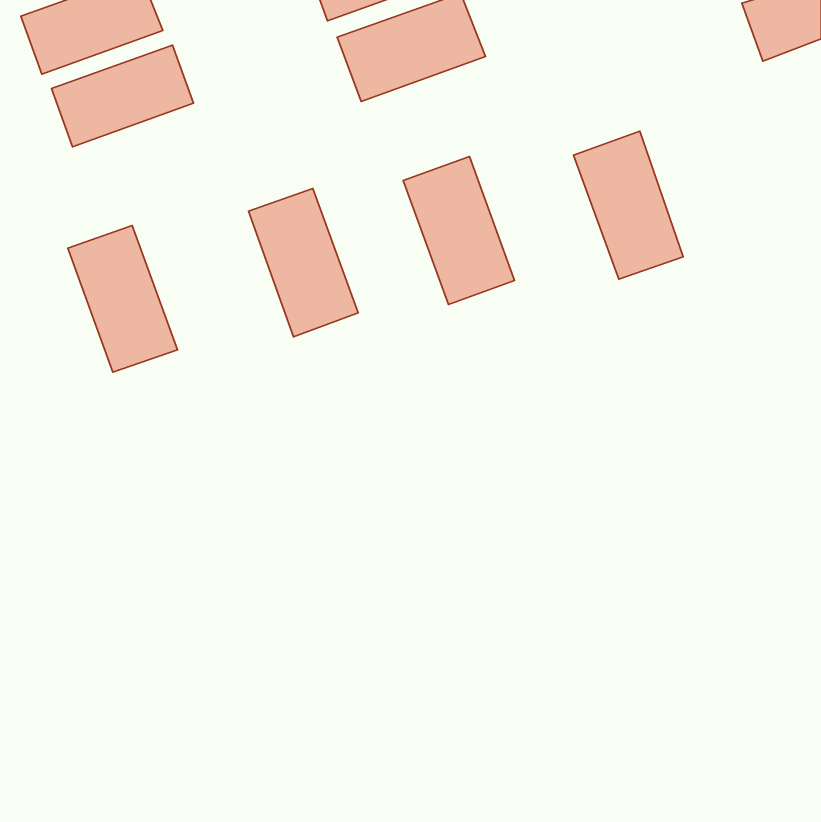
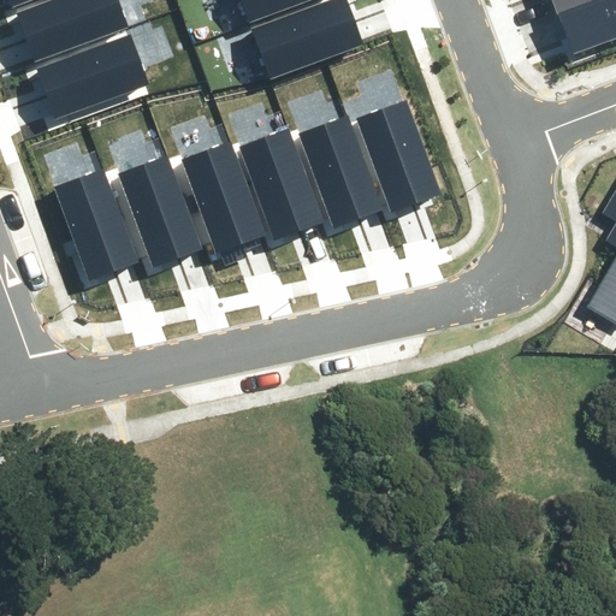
building: [574,131,683,279] -> [357,101,439,212]
building: none -> [239,128,322,238]
building: none -> [116,153,199,263]

